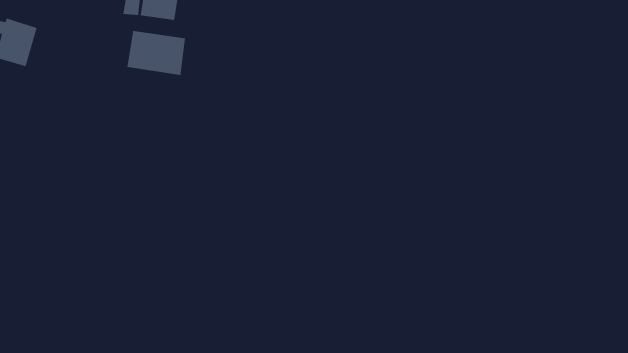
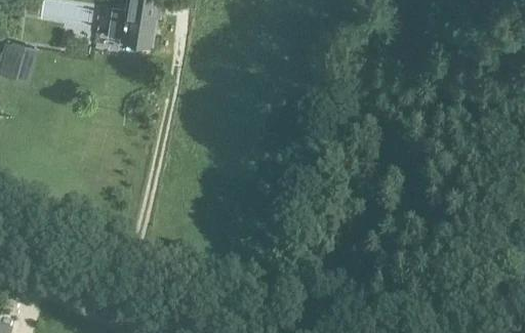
building: [127,30,186,76] -> none

